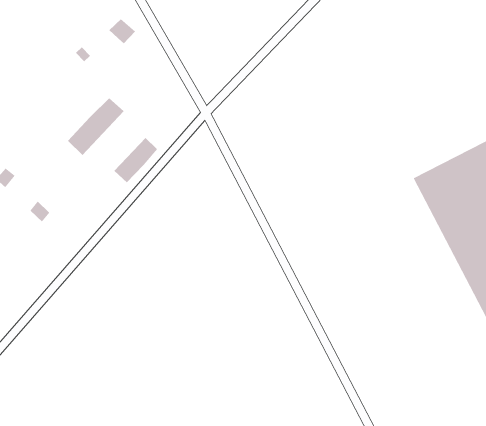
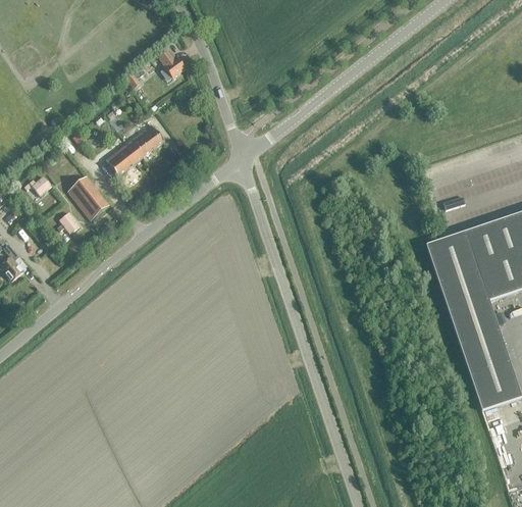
building: [114,137,158,183] -> none
building: none -> [69,174,110,217]

